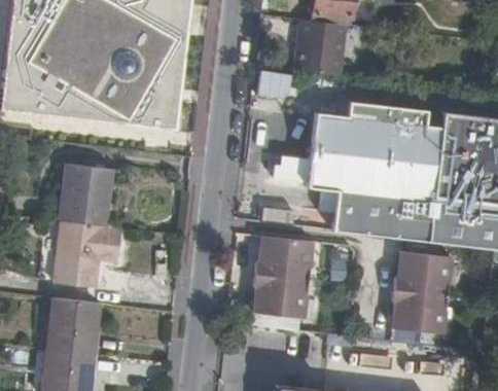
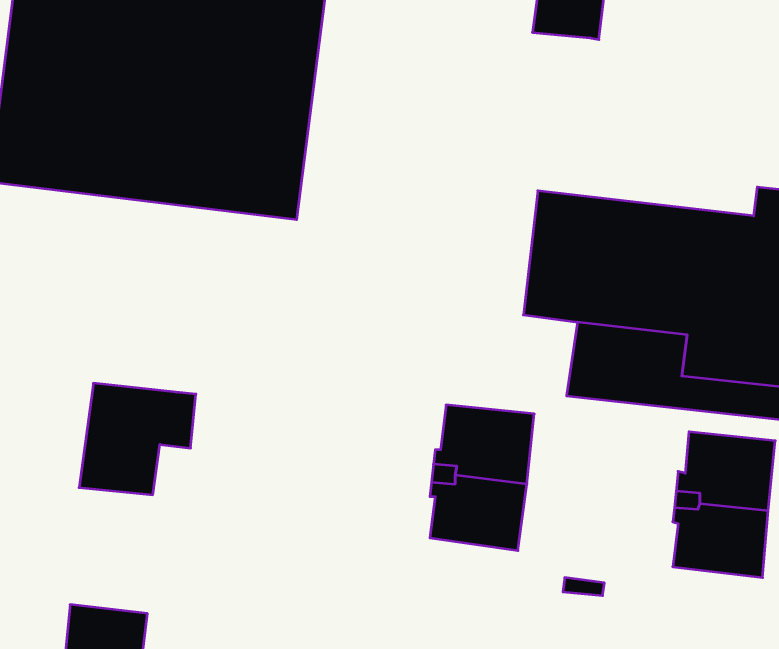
building: [295,20,345,76] -> none
building: [255,72,289,101] -> none
building: [61,162,115,227] -> none
building: [47,298,98,354] -> none

